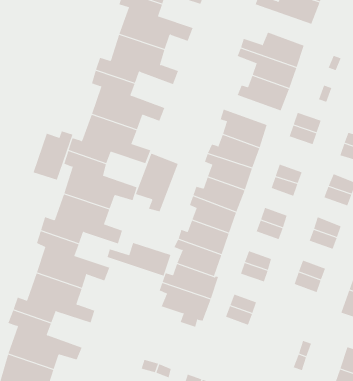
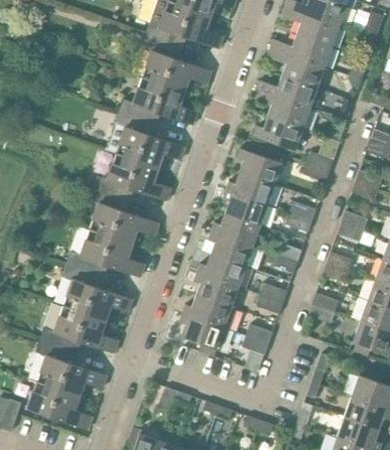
building: none -> [267,48,325,88]
building: [33,130,73,181] -> none
building: [135,152,178,212] -> none
building: [107,242,171,276] -> none

